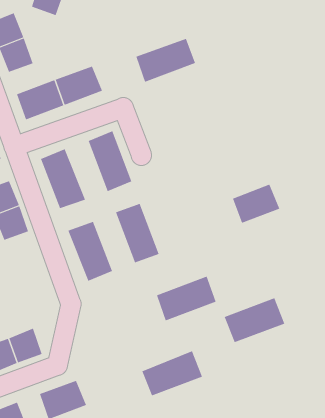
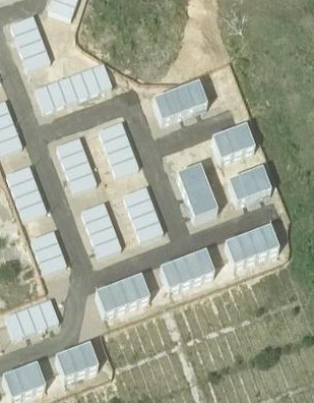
building: [135,38,196,83] -> [152,82,206,122]
building: none -> [211,125,254,161]
building: none -> [177,166,216,220]
building: none -> [30,229,66,272]
building: [224,298,285,343] -> [224,226,278,267]
building: [141,351,203,396] -> [95,275,149,315]

